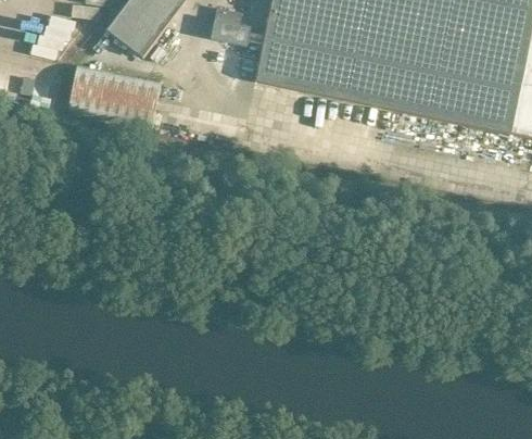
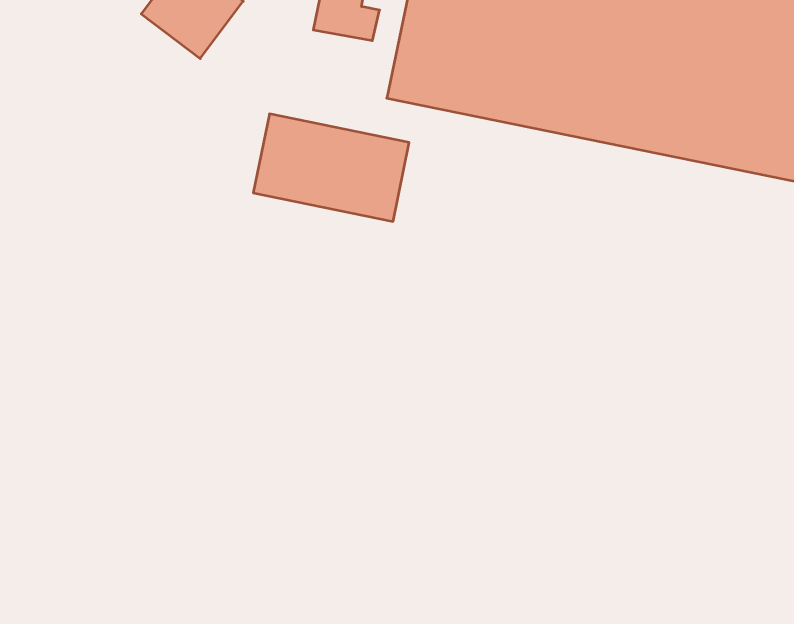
building: [66,64,161,129] -> [253,114,409,221]

